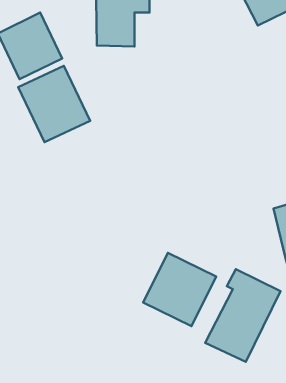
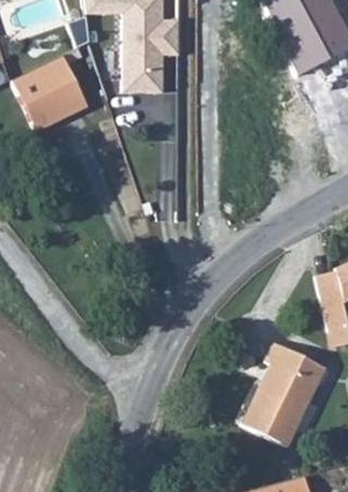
building: [18,66,90,142] -> none
building: [143,253,216,326] -> none

